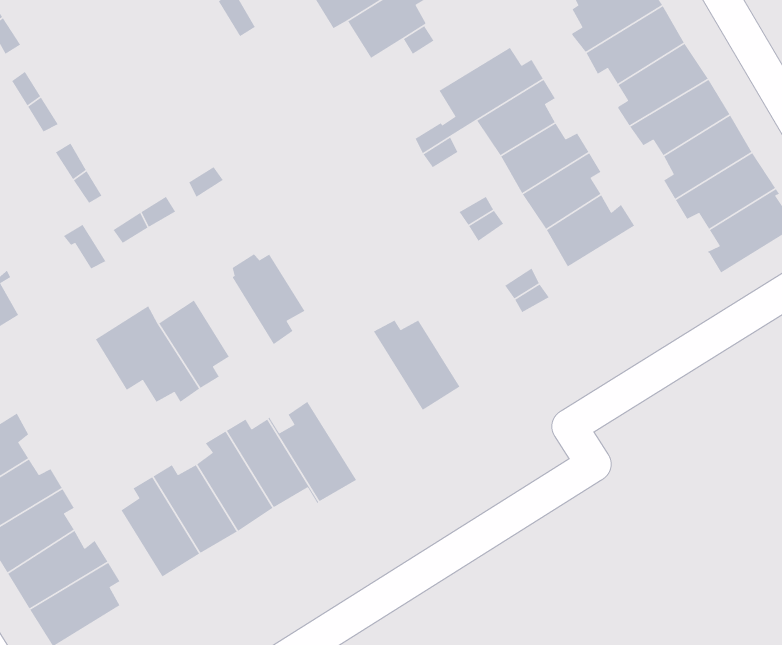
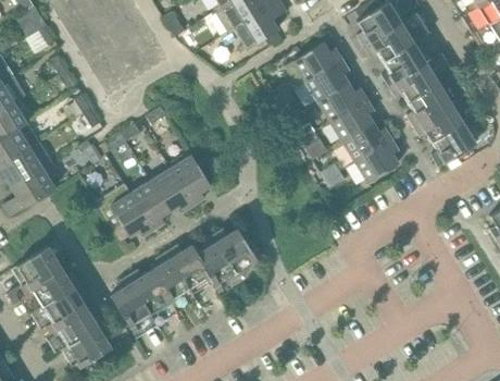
building: none -> [355,139,399,183]
building: none -> [151,168,195,211]
building: [373,319,460,411] -> [213,229,261,279]

